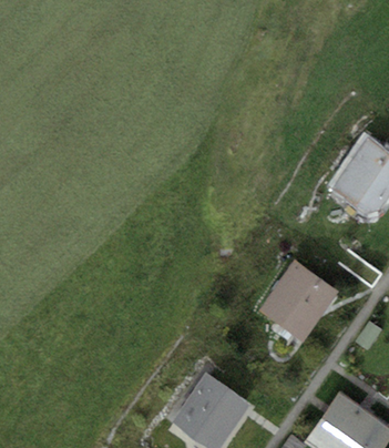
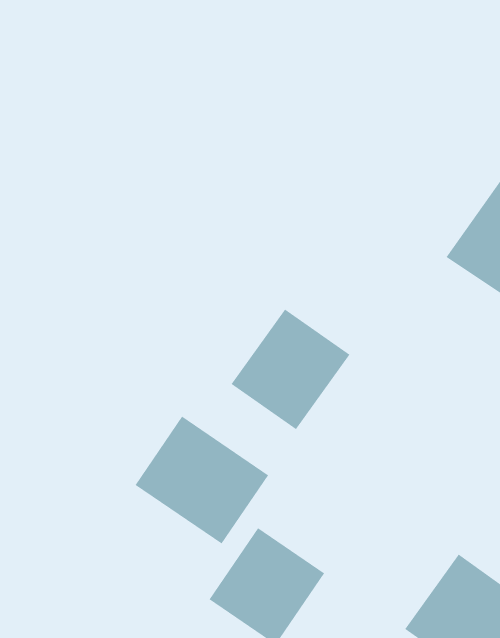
building: [258,259,339,342] -> [230,309,351,430]
building: none -> [134,416,269,544]

